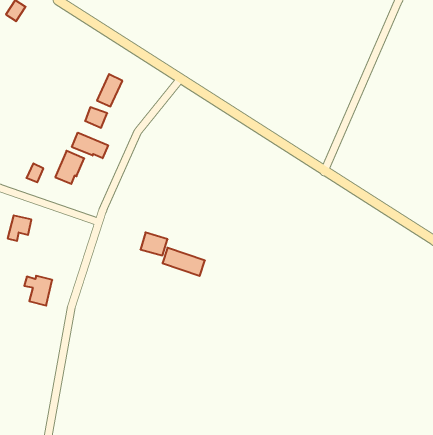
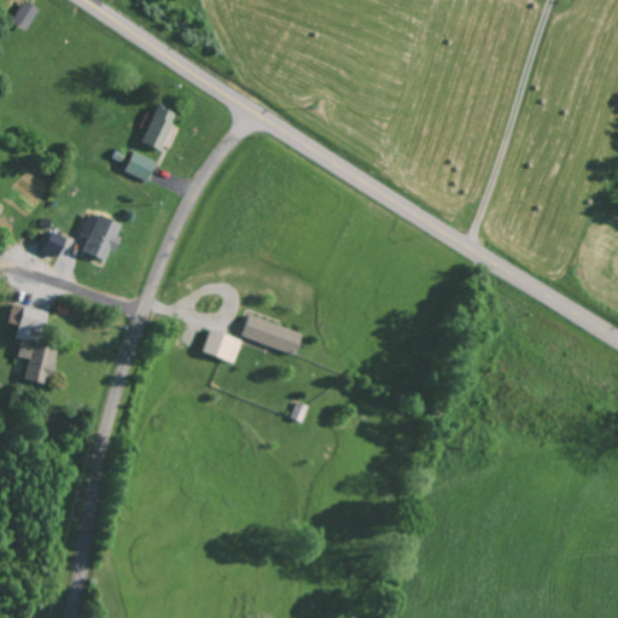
building: [72,133,108,158] -> none
building: [162,248,205,276] -> [241,315,302,355]
building: [24,276,52,306] -> [16,343,56,385]

